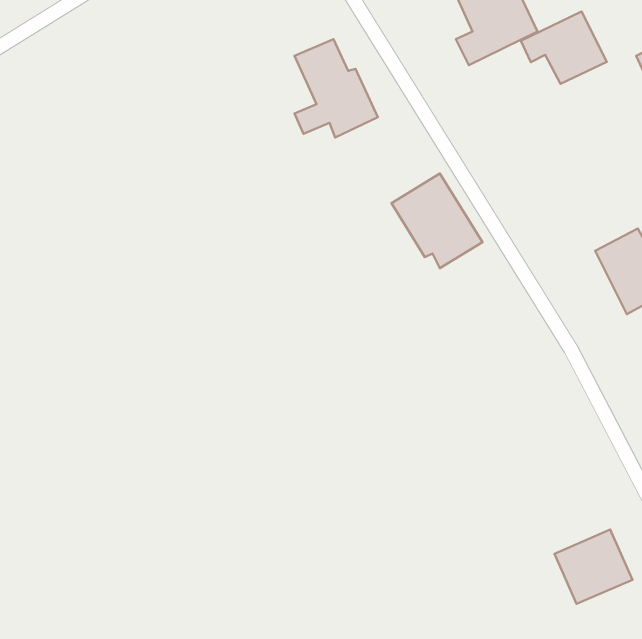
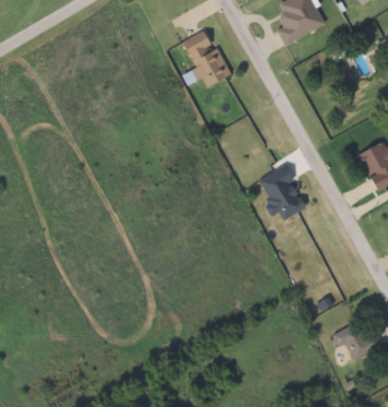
building: [521,11,607,84] -> none
building: [392,174,483,268] -> [255,164,308,219]

